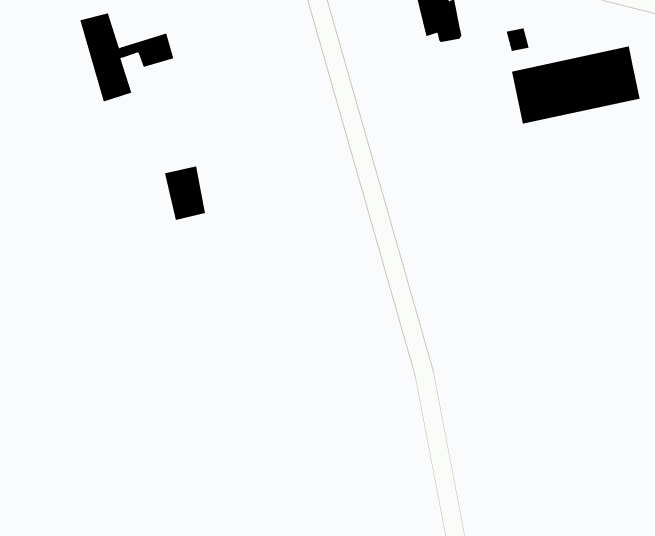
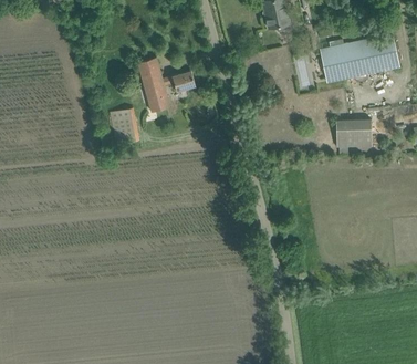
building: [80,13,174,102] -> [138,58,196,112]
building: none -> [336,121,372,148]

